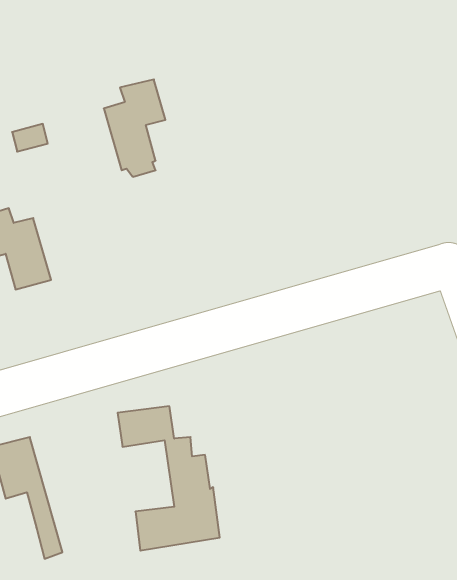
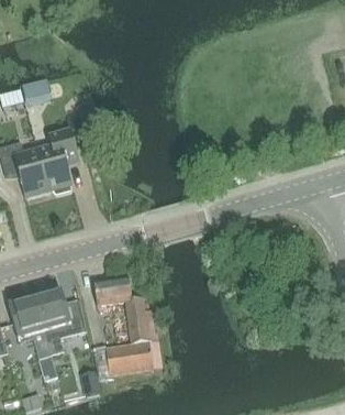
building: [104,79,165,177] -> [36,129,78,195]
building: none -> [34,290,87,356]

